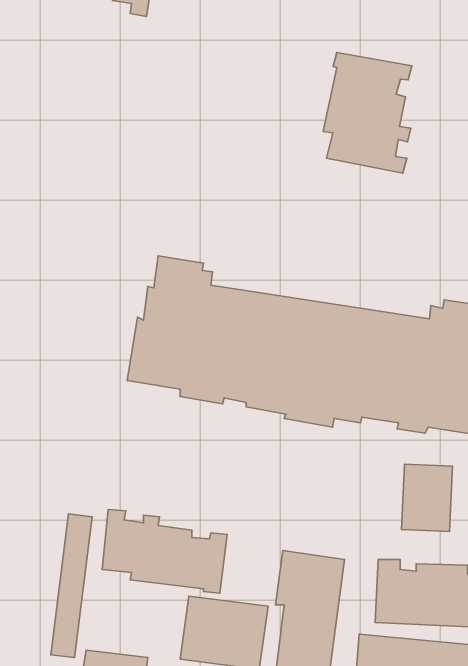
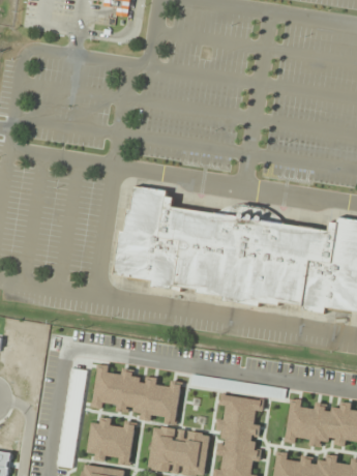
building: [323,53,412,173] -> none
building: [402,464,453,531] -> none
building: none -> [88,417,136,464]

